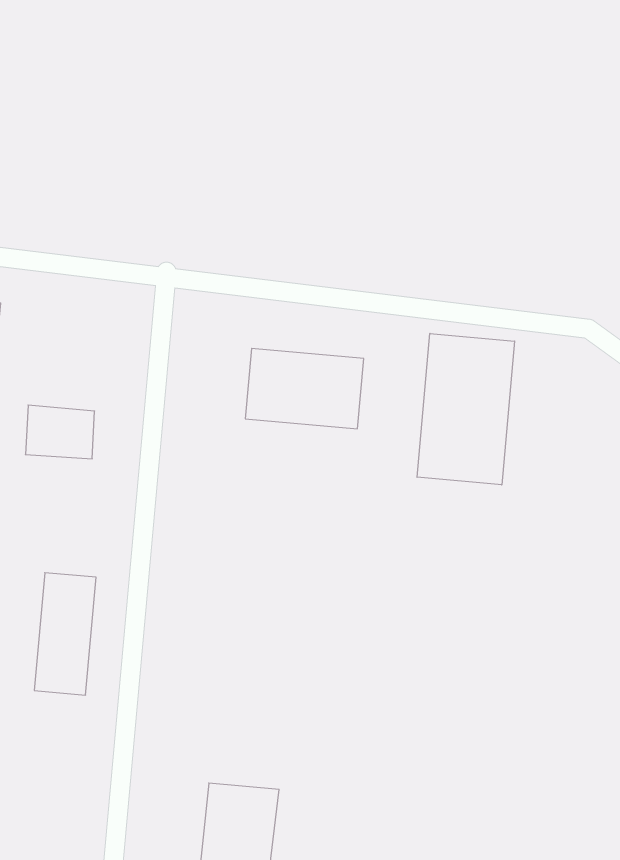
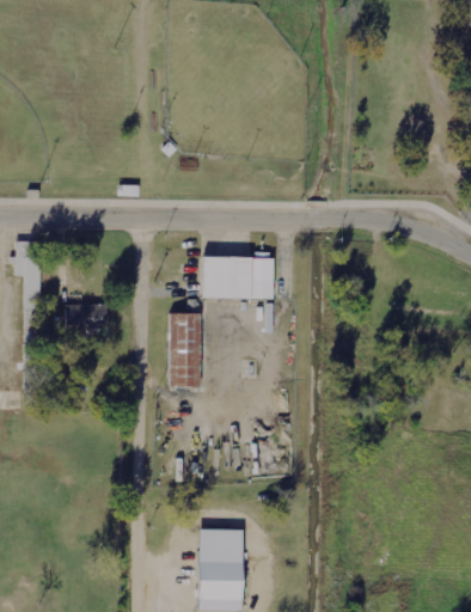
building: [417,333,515,485] -> none
building: [34,573,96,695] -> [169,313,201,387]

